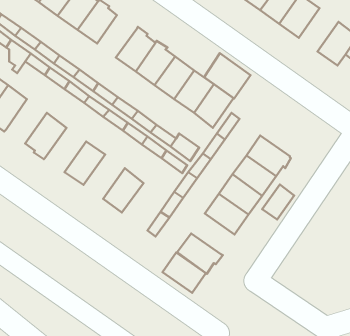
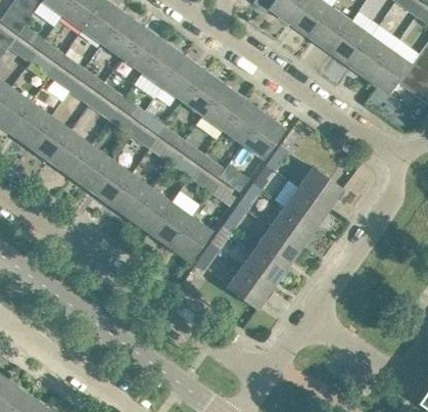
building: none -> [351,35,392,80]
building: none -> [143,40,184,86]
building: [204,53,250,98] -> none
building: none -> [49,129,91,177]
building: none -> [89,158,132,205]
building: none -> [129,186,172,232]
building: none -> [169,216,211,262]
building: [262,185,294,220] -> none
building: [162,252,206,293] -> [240,247,285,289]

